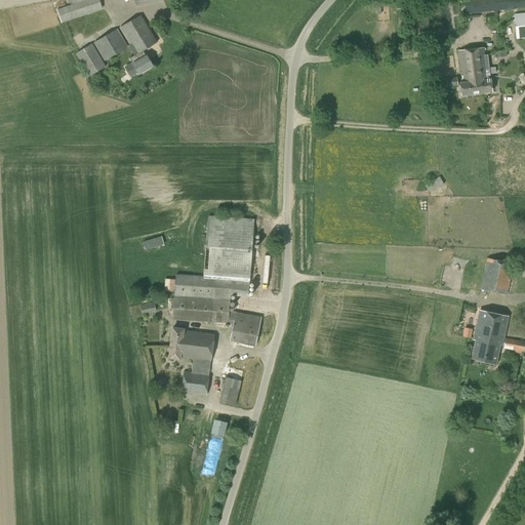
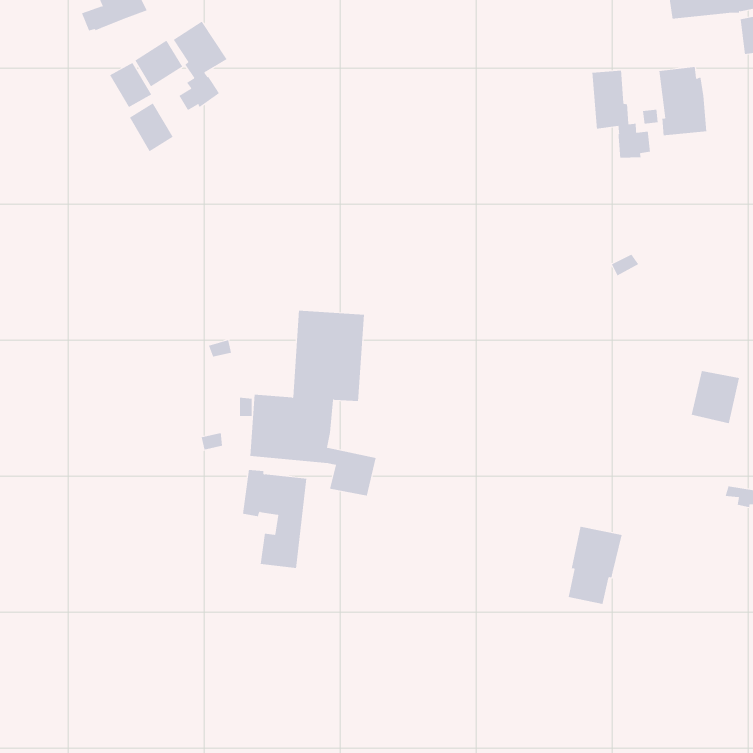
building: none -> [592,70,651,158]
building: none -> [129,102,173,152]
building: [472,309,510,363] -> [568,526,623,604]
building: [221,375,242,404] -> none

